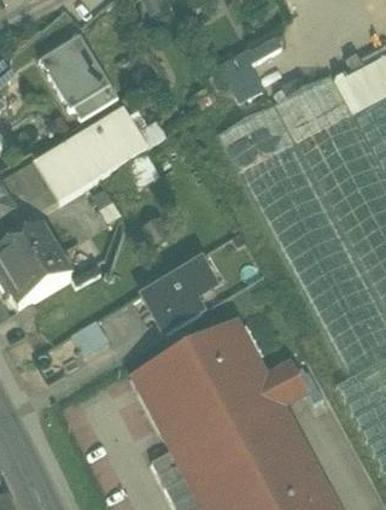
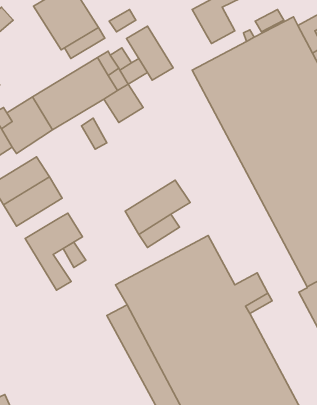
building: none -> [127,26,173,80]
building: none -> [25,213,82,290]

